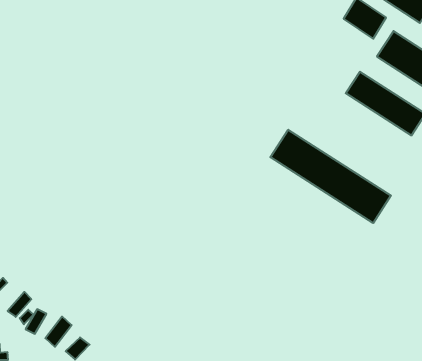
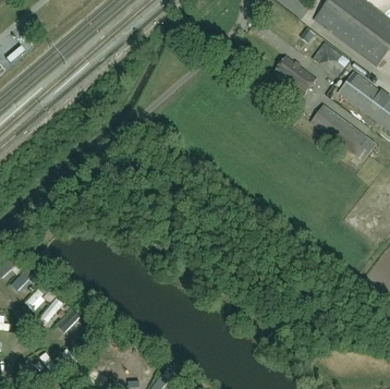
building: none -> [272,56,314,93]
building: [270,130,391,223] -> none

